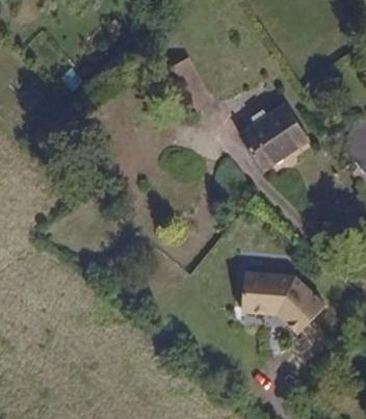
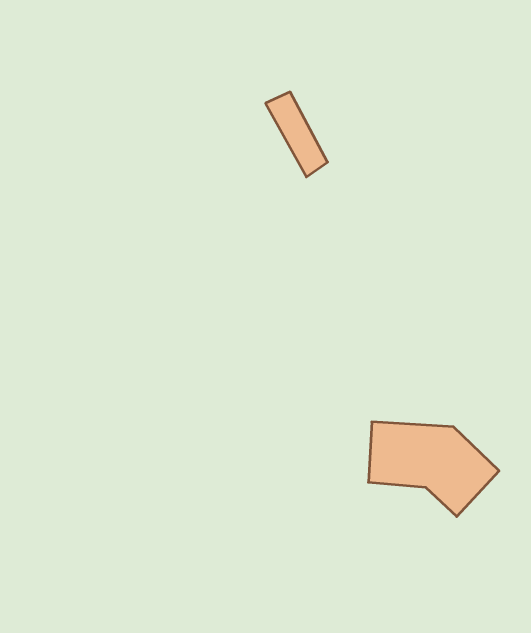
building: [244,109,311,172] -> none

